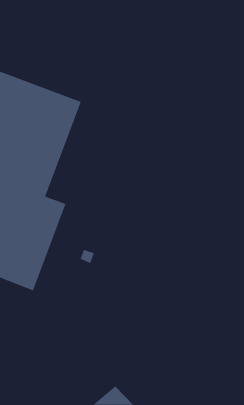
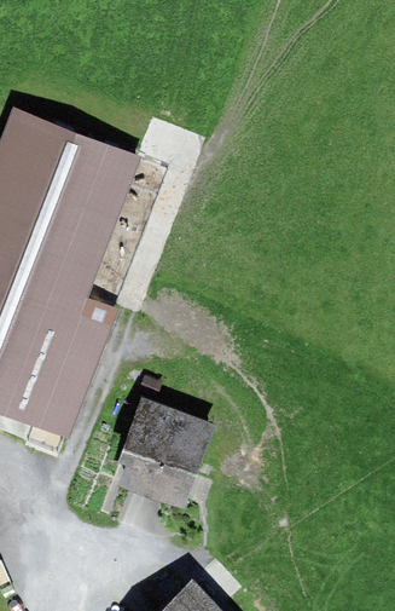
building: none -> [115,398,211,509]

